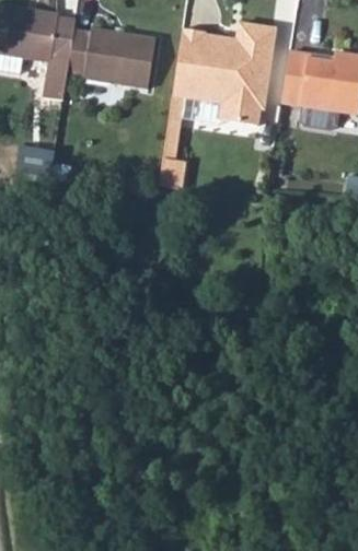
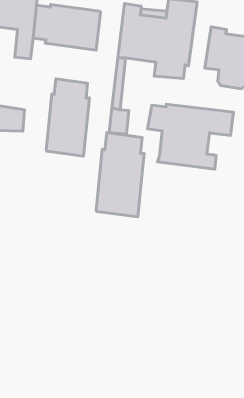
building: none -> [46,79,89,156]
building: none -> [147,104,234,169]
building: none -> [96,133,144,217]

